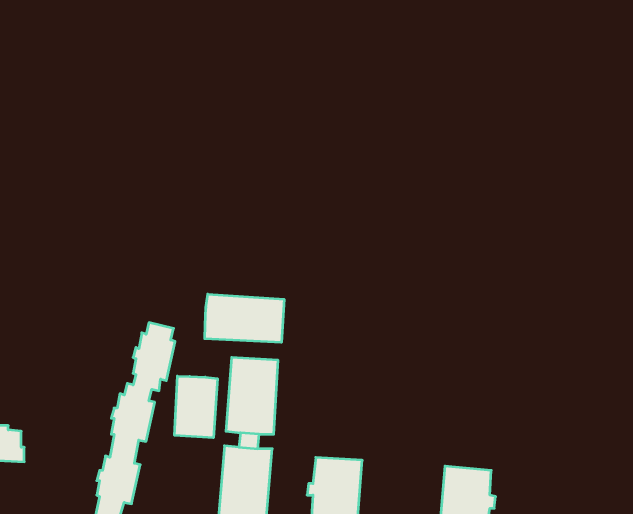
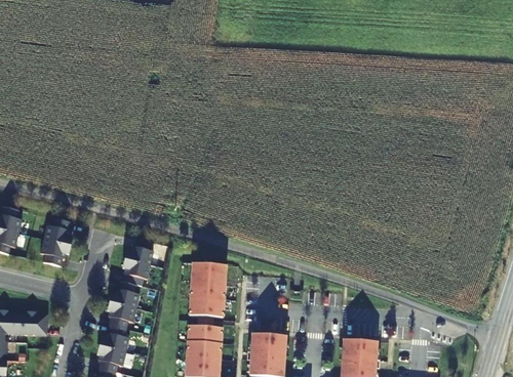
building: [205,294,284,342] -> none
building: none -> [41,219,72,266]
building: [175,376,217,438] -> none

